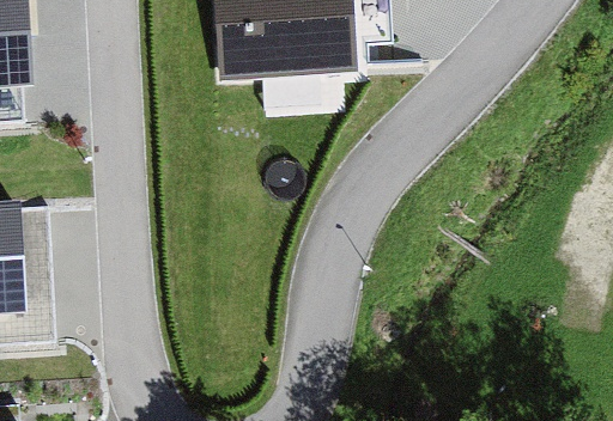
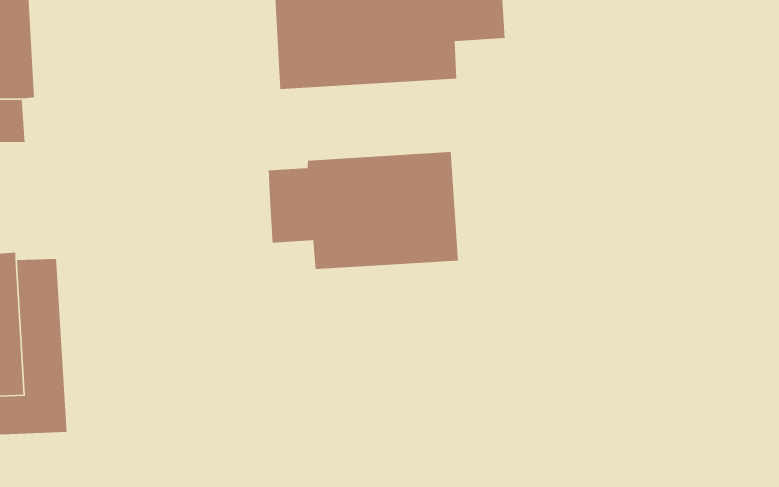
building: none -> [268,151,459,270]

